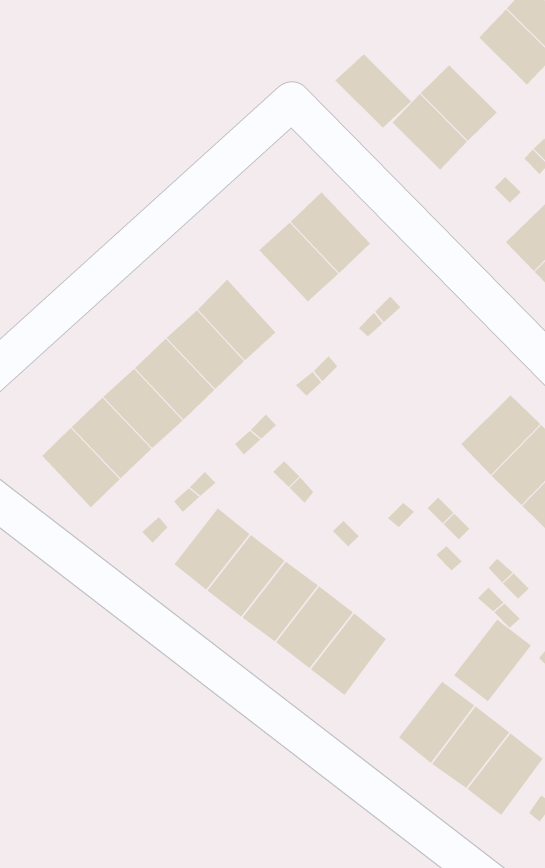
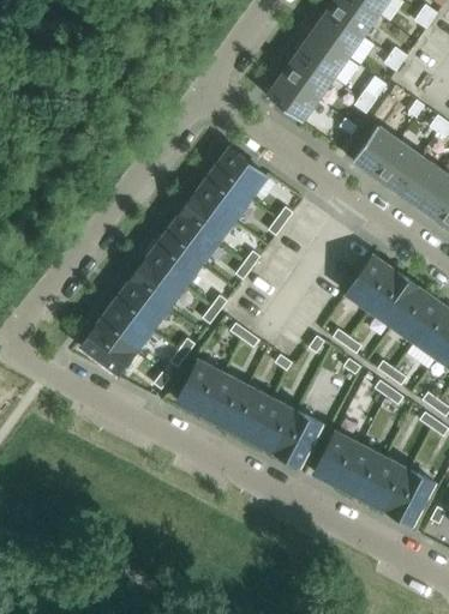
building: [335,53,412,128] -> [297,32,348,78]
building: none -> [179,192,233,242]
building: [453,619,532,702] -> [313,432,360,486]

